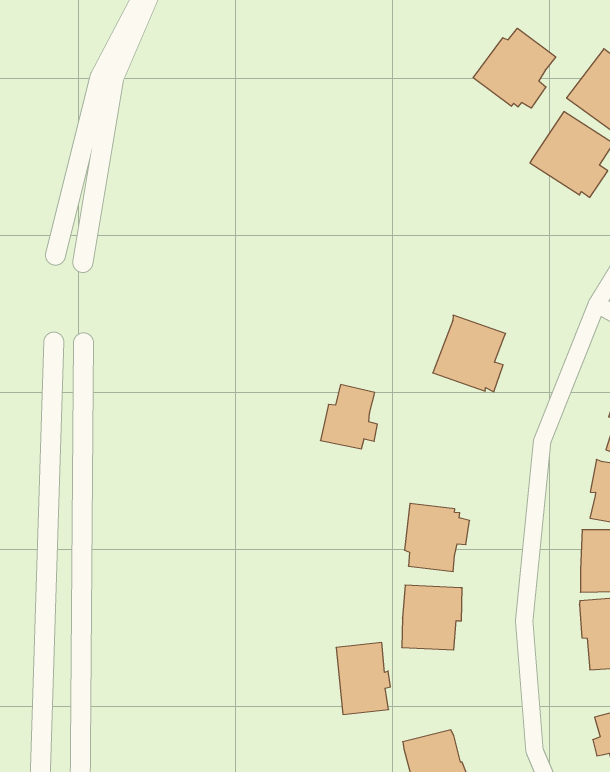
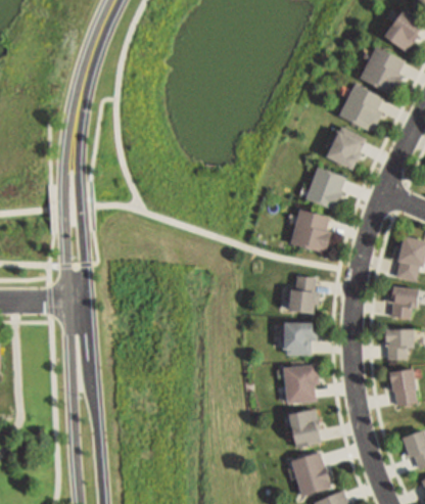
building: [473,28,556,108] -> none
building: none -> [325,127,365,167]
building: none -> [303,167,346,214]
building: [320,385,377,449] -> [287,275,320,312]
building: [336,643,390,714] -> [288,406,322,450]

